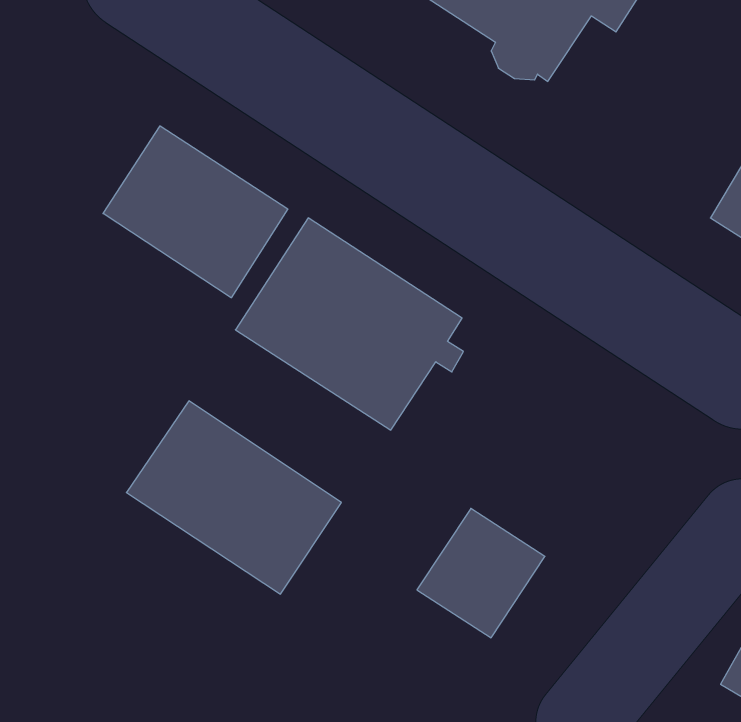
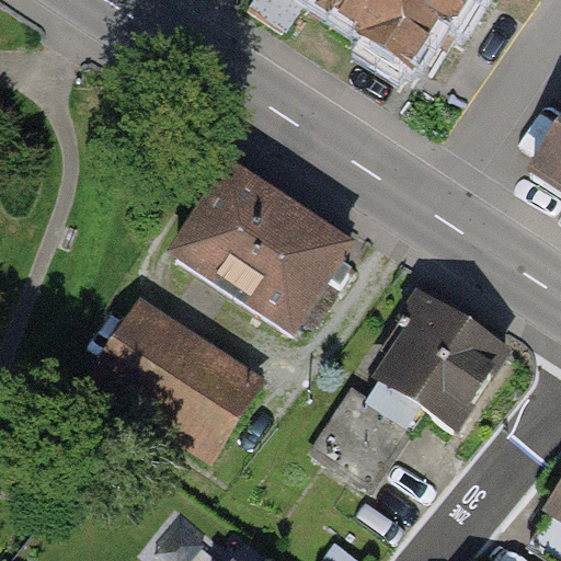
building: [103,126,288,298] -> none
building: none -> [382,277,508,423]

